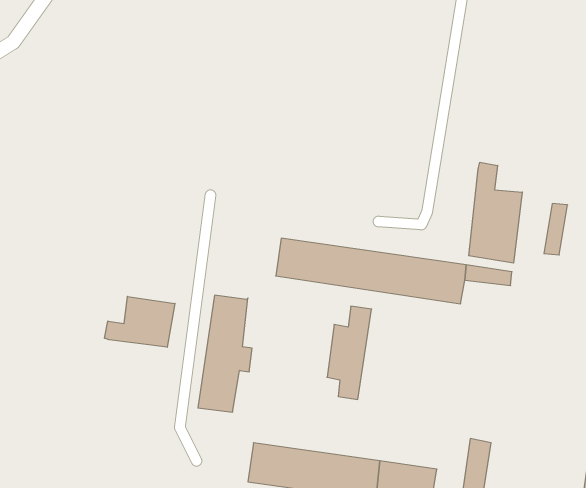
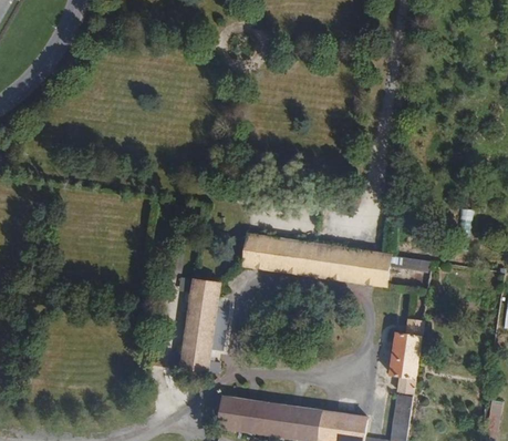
building: [469,162,522,263] -> none
building: [105,296,175,347] -> none
building: [327,306,372,399] -> [388,318,424,392]

